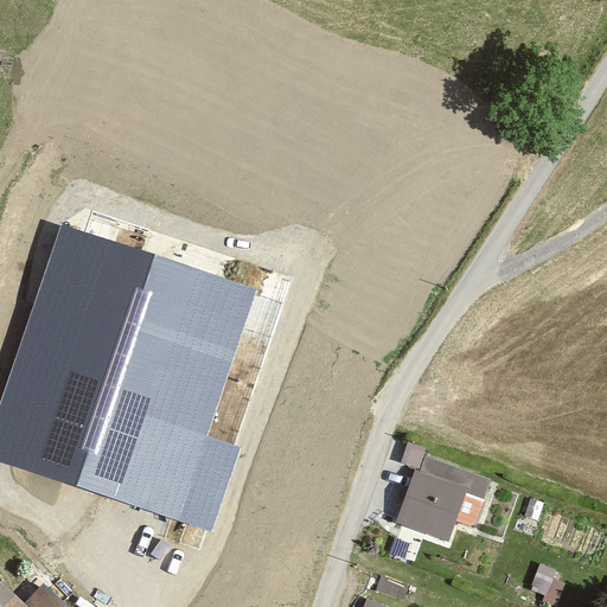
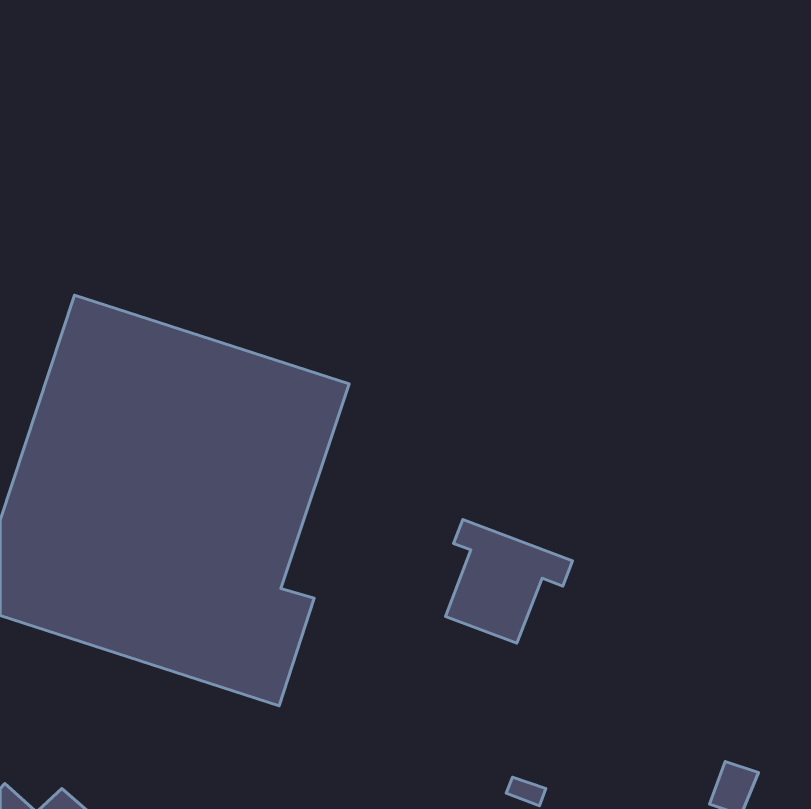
building: [398,453,493,545] -> [445,520,572,643]

